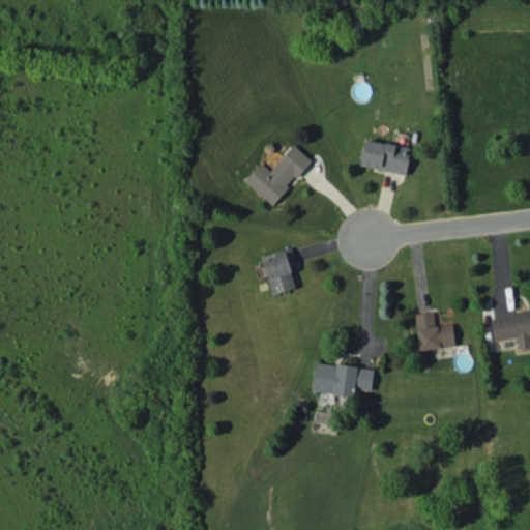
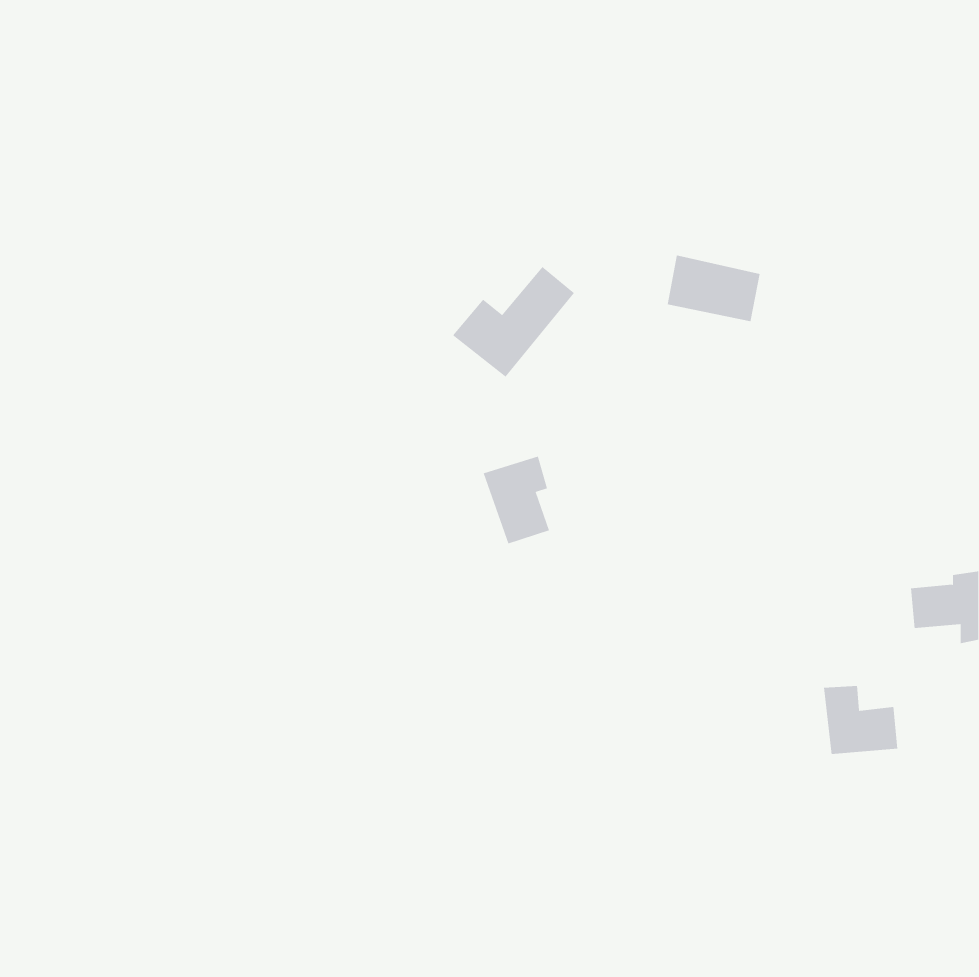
building: [415,313,455,350] -> [823,686,898,755]
building: [313,362,374,396] -> none

